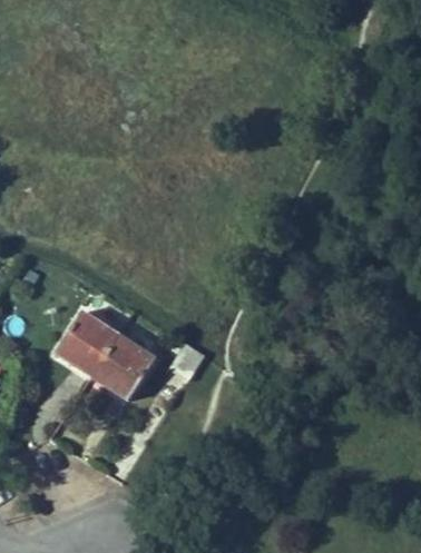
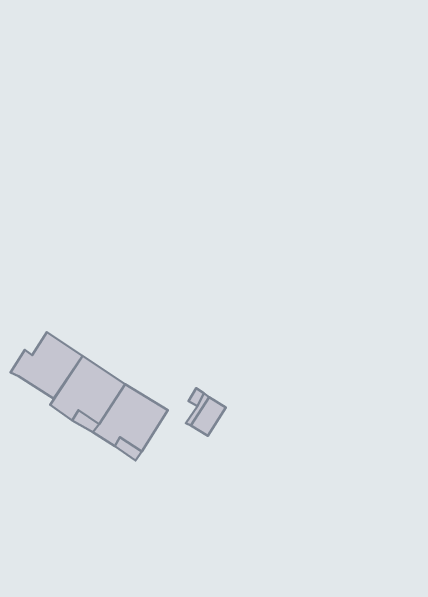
building: none -> [10,332,82,398]

